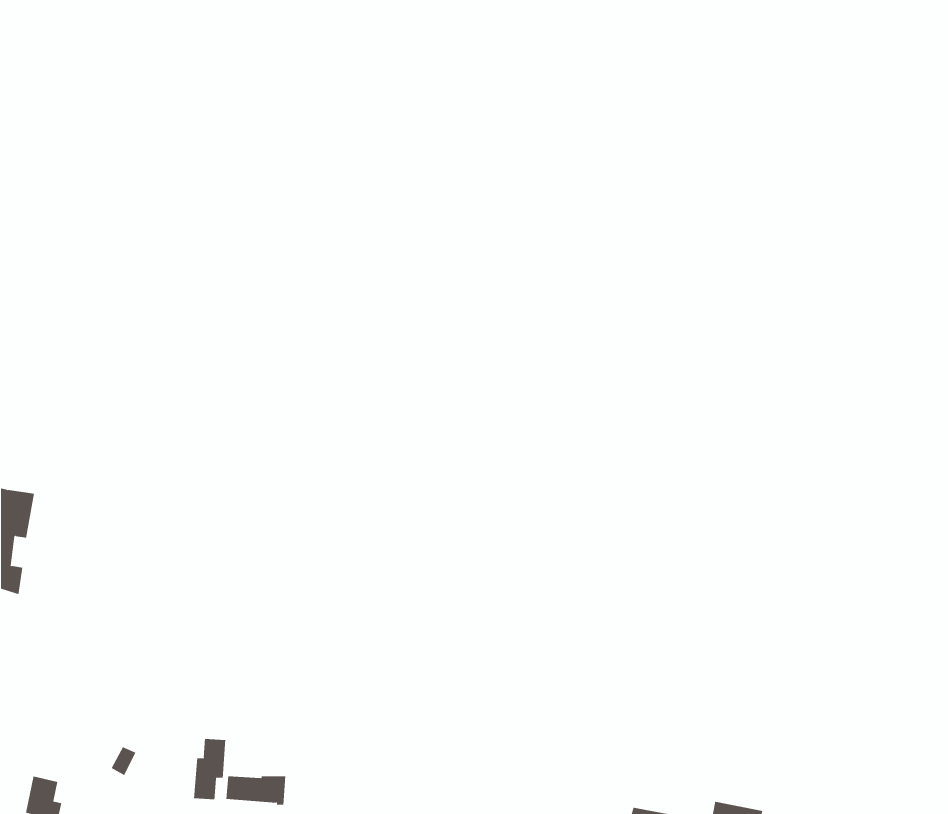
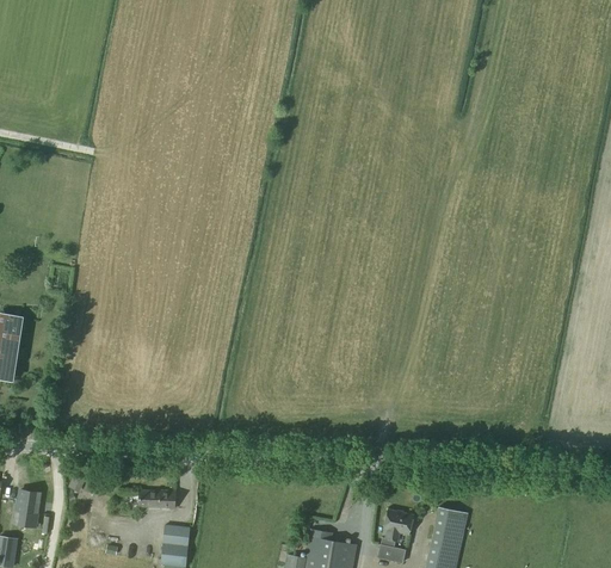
building: [194,738,226,800] -> none

